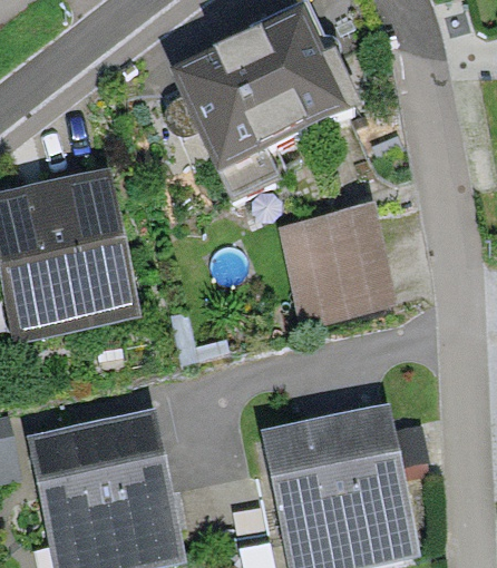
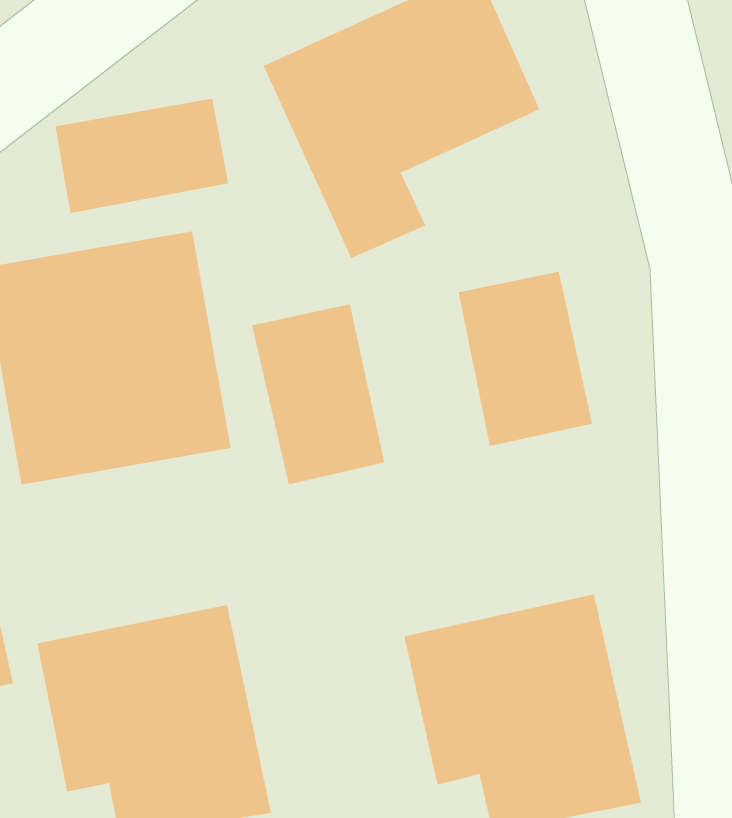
building: none -> [55,98,229,214]
building: none -> [252,303,385,485]

